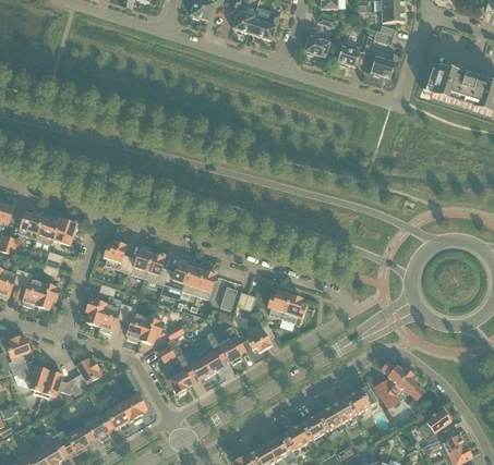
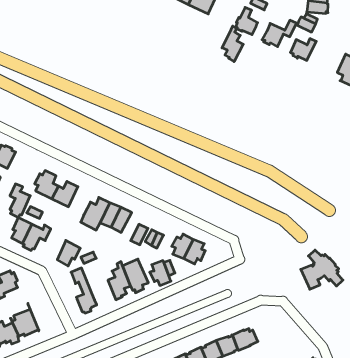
building: none -> [222,26,243,62]
building: [144,255,168,285] -> none
building: [123,306,146,343] -> [10,184,30,217]
building: [176,353,212,381] -> none
building: [374,363,423,407] -> [301,250,343,289]
building: [113,390,146,423] -> none

